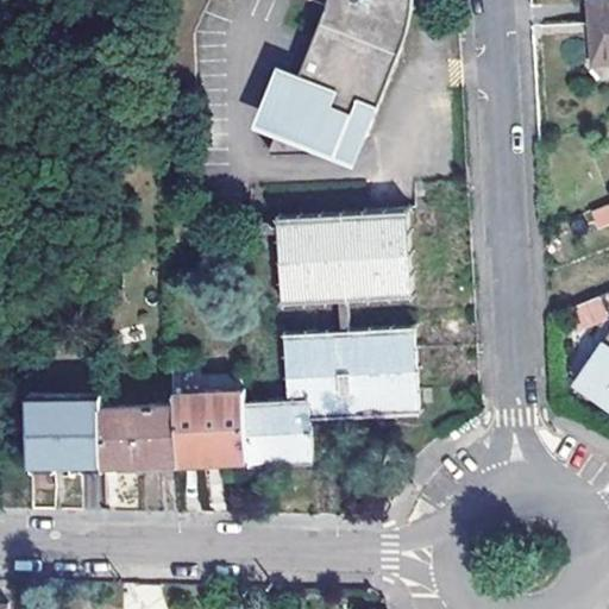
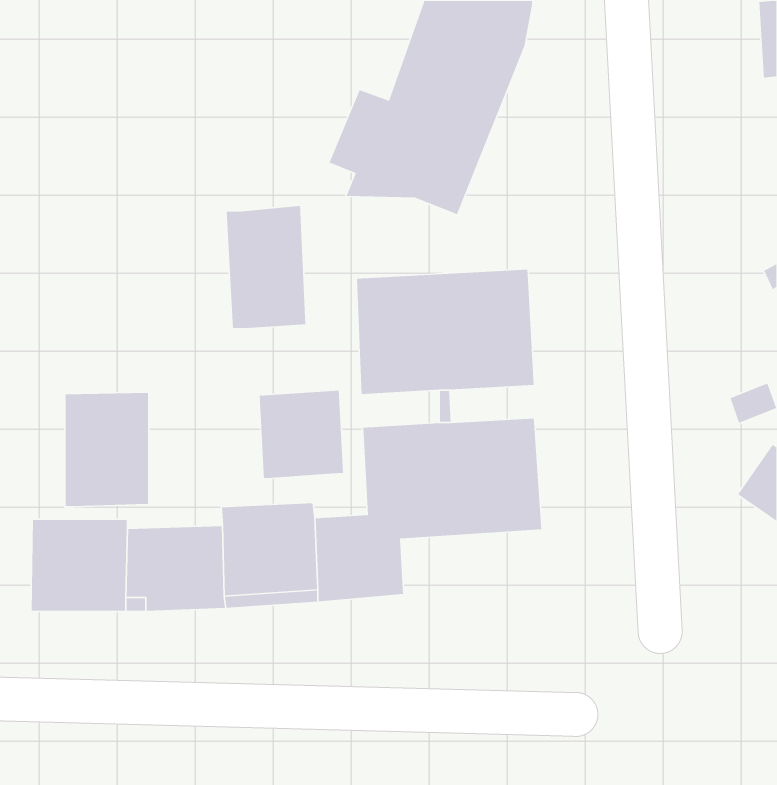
building: none -> [226,205,306,329]
building: none -> [259,390,344,479]
building: none -> [65,392,149,507]

